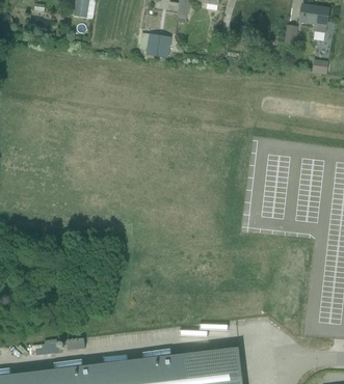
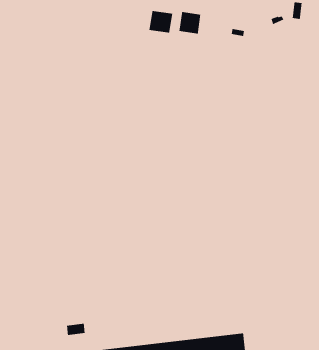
building: none -> [179,11,201,34]

